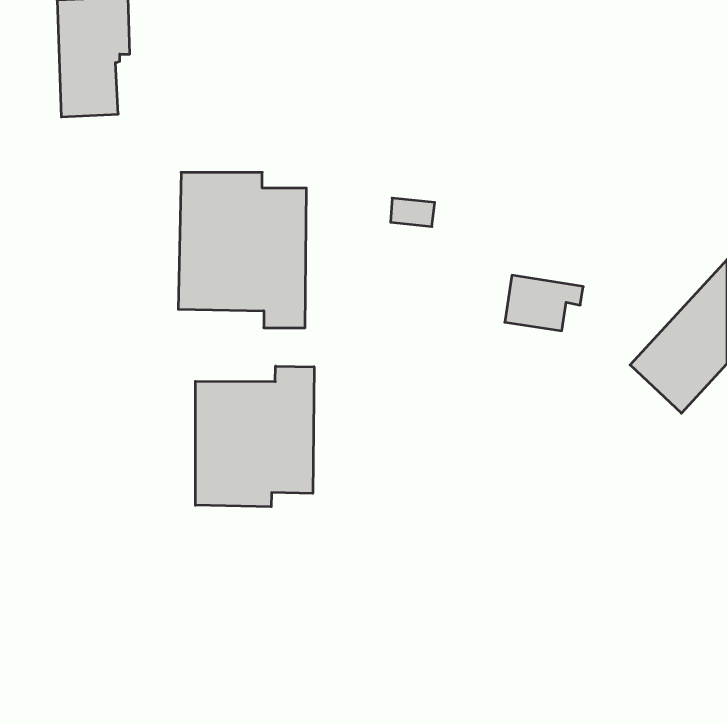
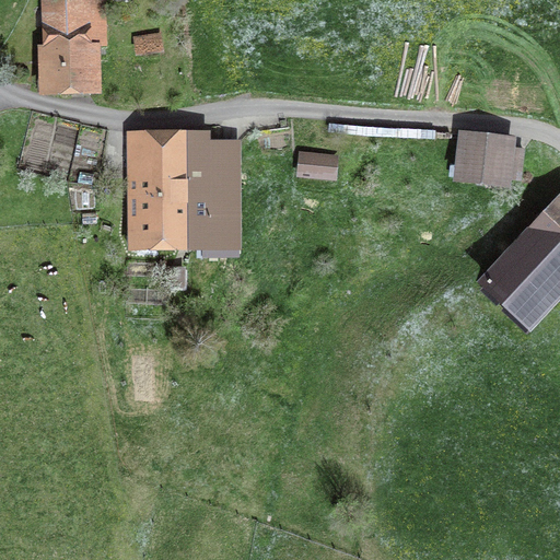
building: [505,275,583,331] -> [456,139,516,182]
building: [195,366,314,507] -> none

